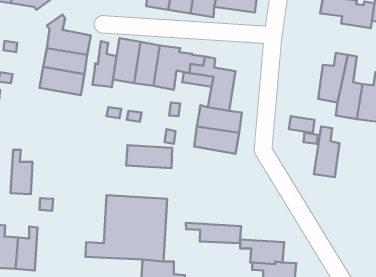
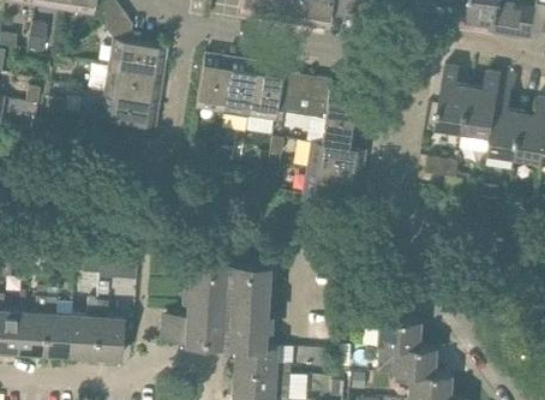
building: [92,41,117,87] -> none
building: [314,126,340,177] -> [437,66,471,132]
building: [126,145,172,168] -> none
building: [11,150,33,194] -> [95,300,124,358]
building: [186,223,241,243] -> none

